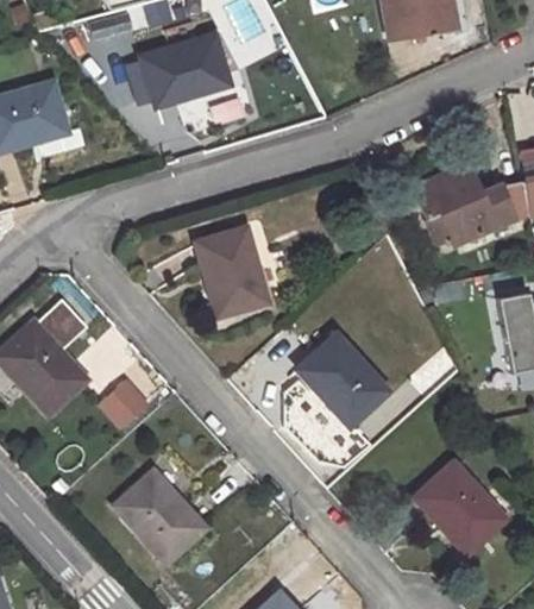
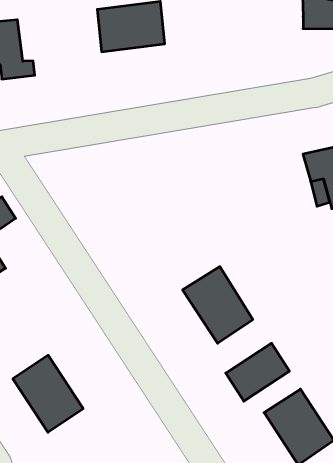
building: [199,230,268,315] -> none
building: [100,379,152,431] -> none
building: none -> [226,343,289,401]

